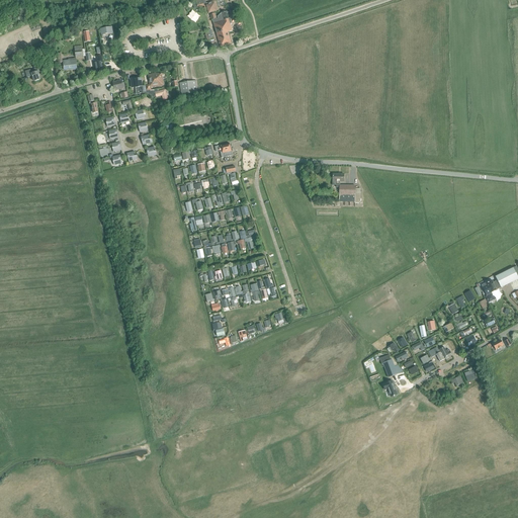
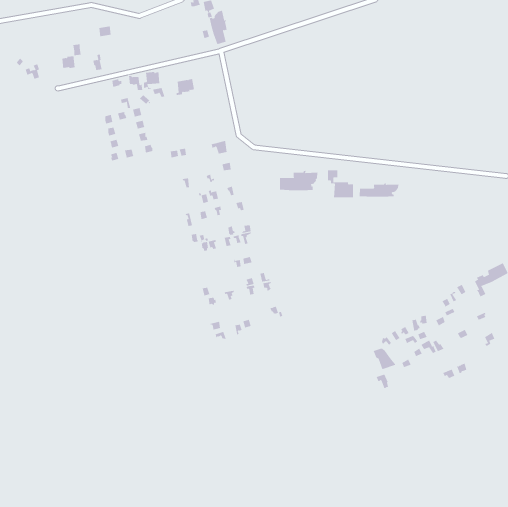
building: none -> [279,170,318,191]
building: none -> [359,182,399,197]

